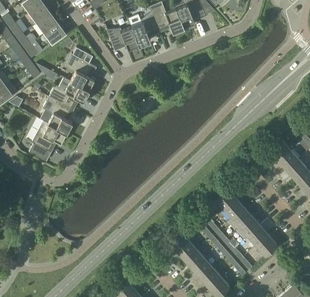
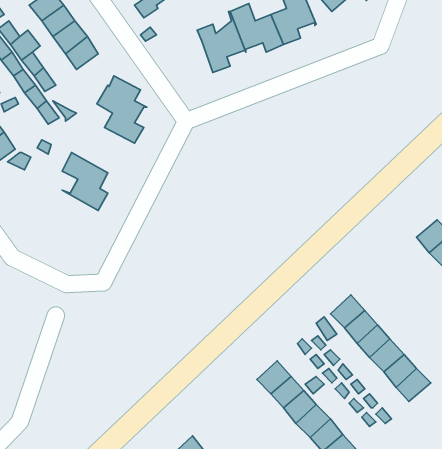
building: [104,25,139,52] -> none
building: [49,79,89,111] -> none
building: [26,122,66,154] -> none

